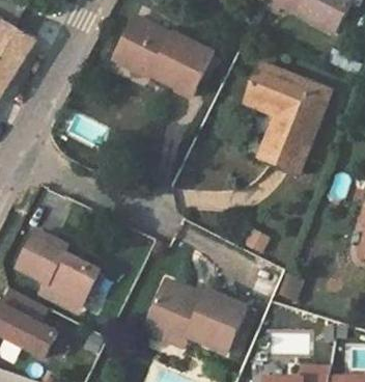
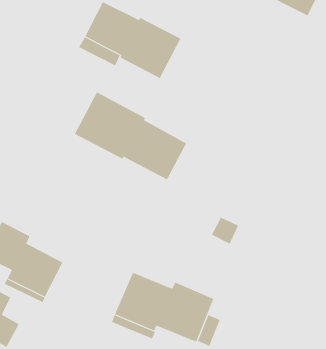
building: [250,65,328,168] -> none
building: none -> [74,91,187,180]

